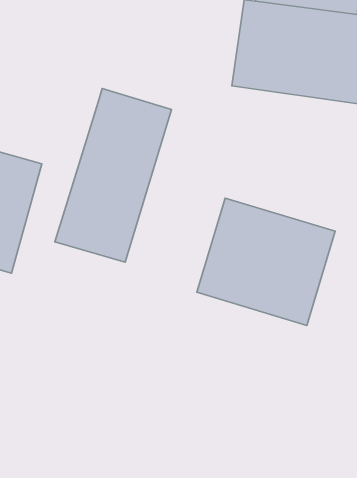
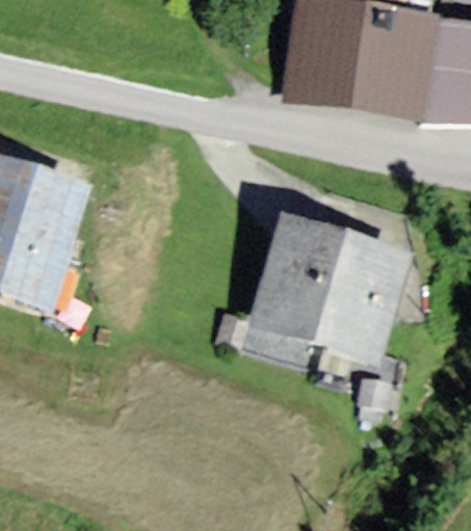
building: [55,88,171,262] -> none

